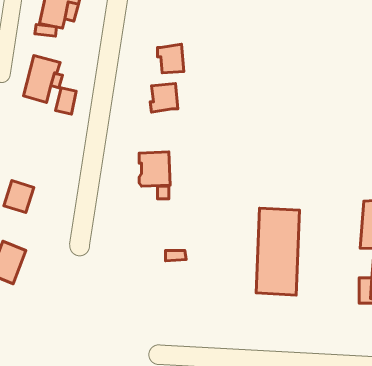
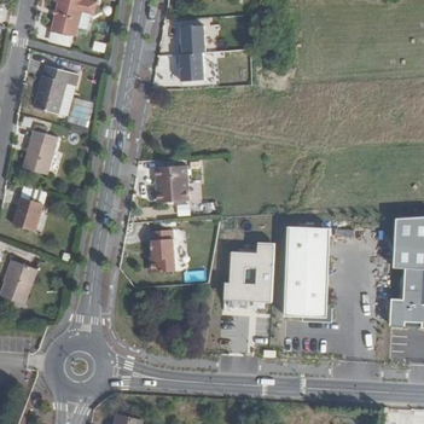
building: [150,84,178,112] -> [178,25,207,56]
building: none -> [22,130,58,174]
building: none -> [146,228,176,273]
building: none -> [227,243,272,303]

